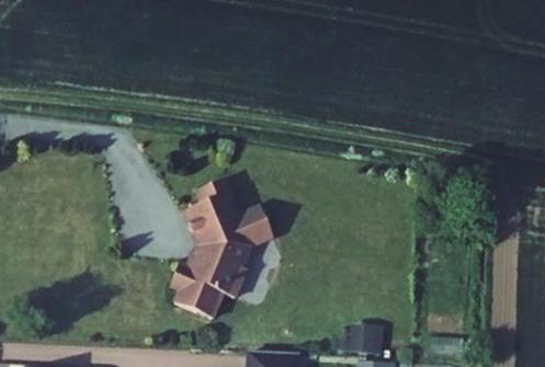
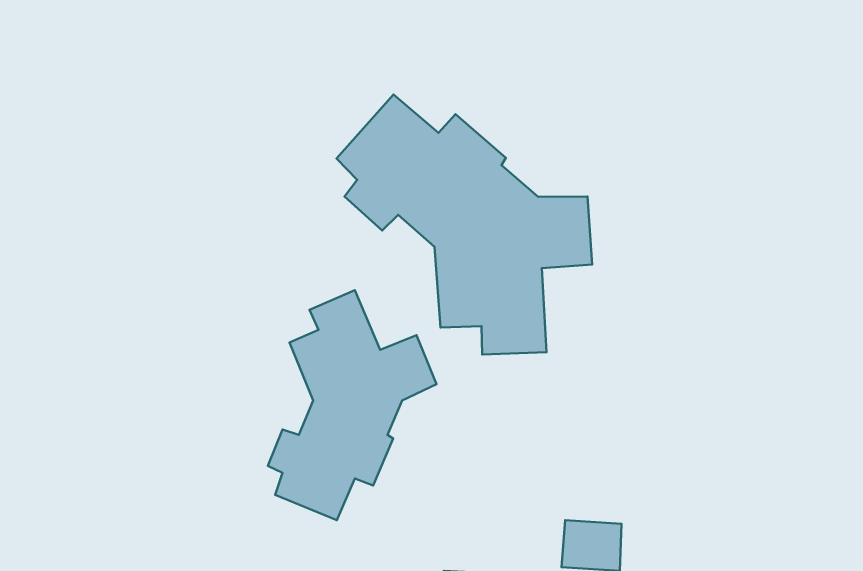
building: none -> [336,94,592,354]

